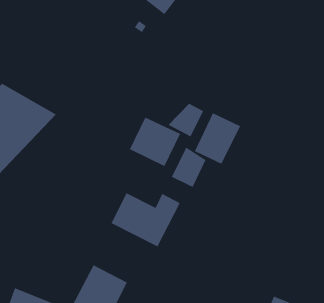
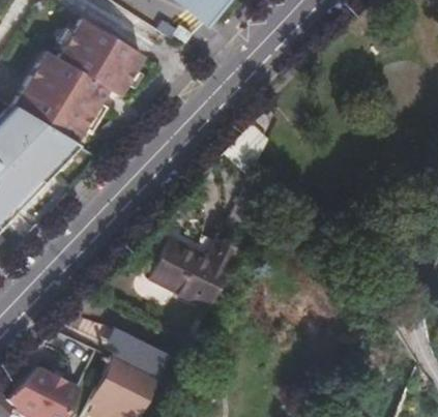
building: none -> [16,20,143,143]
building: [194,112,241,165] -> none
building: [129,116,181,167] -> none

